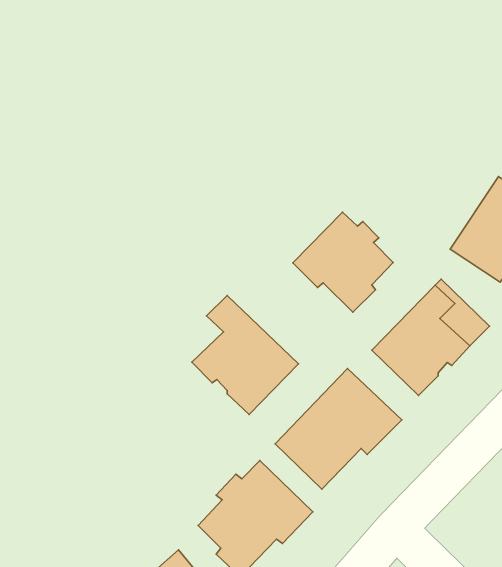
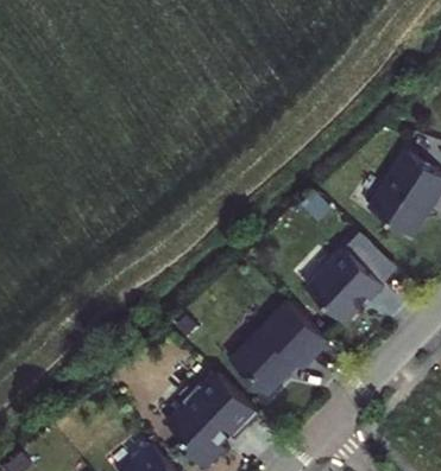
building: [293,212,393,312] -> none
building: [192,296,298,415] -> none

